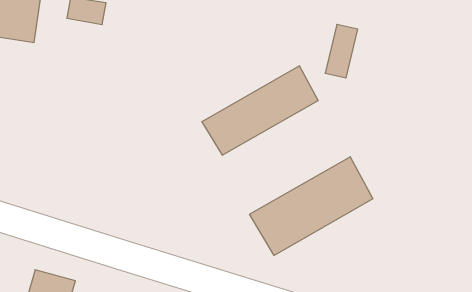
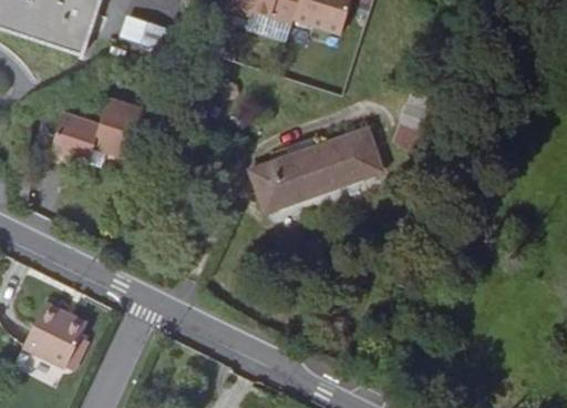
building: none -> [49,100,144,165]
building: [250,157,373,255] -> none

